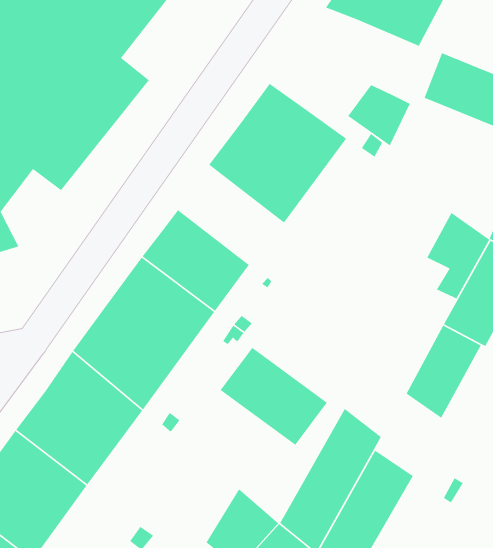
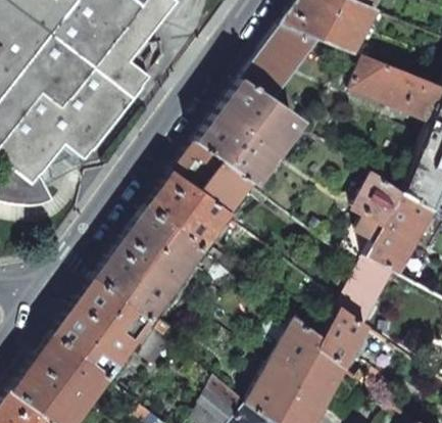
building: none -> [262,25,304,63]
building: [347,84,411,147] -> [240,56,287,102]
building: none -> [173,140,249,214]
building: [220,347,328,446] -> none
building: none -> [317,309,369,369]

